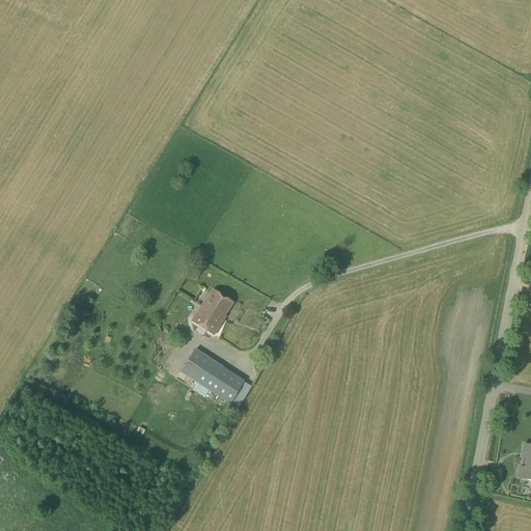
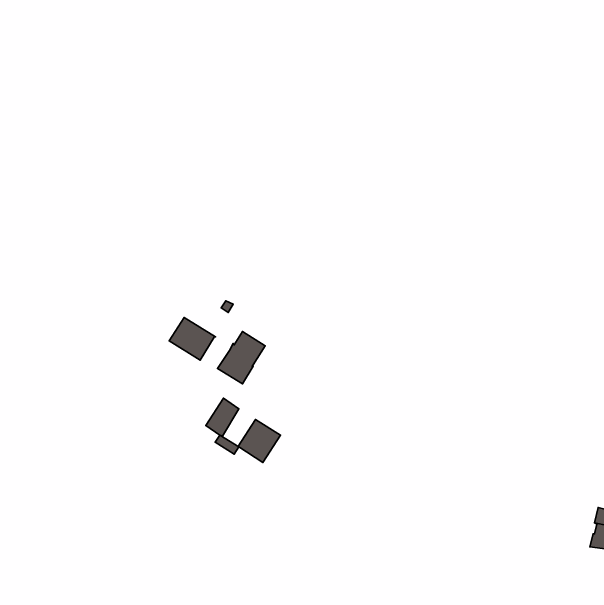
building: none -> [169,318,215,360]

